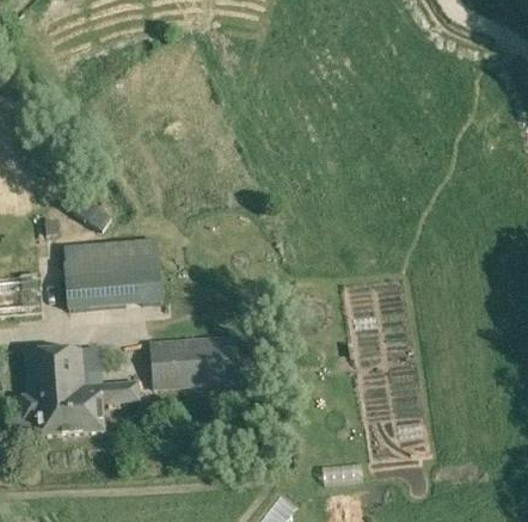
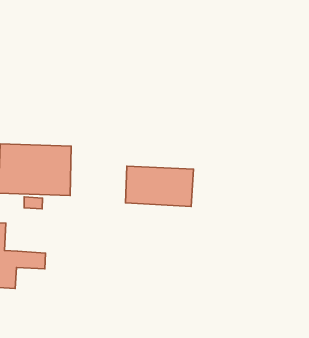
building: [149,334,239,388] -> [126,166,193,206]

